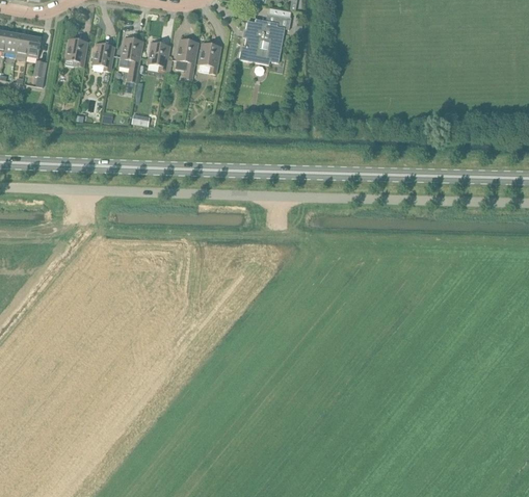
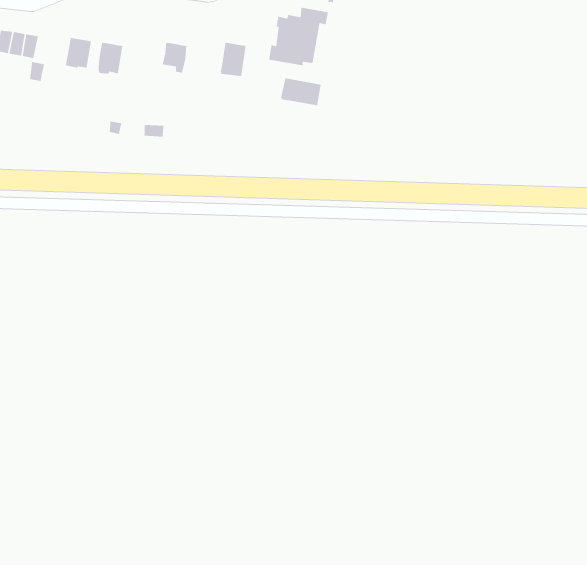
building: [120,36,143,81] -> none
building: [175,37,199,79] -> none
building: none -> [280,78,321,106]

